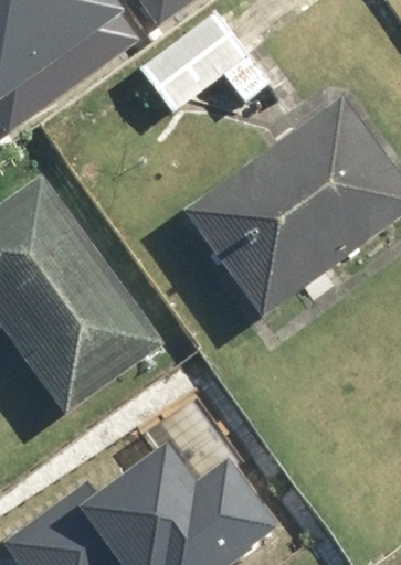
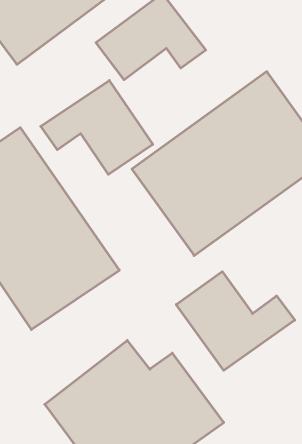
building: none -> [41,80,153,174]
building: none -> [176,272,295,370]

